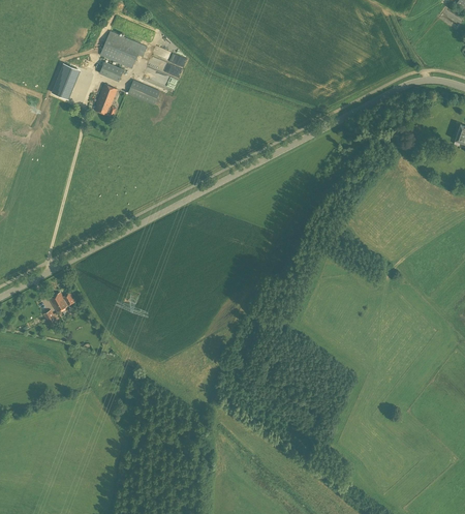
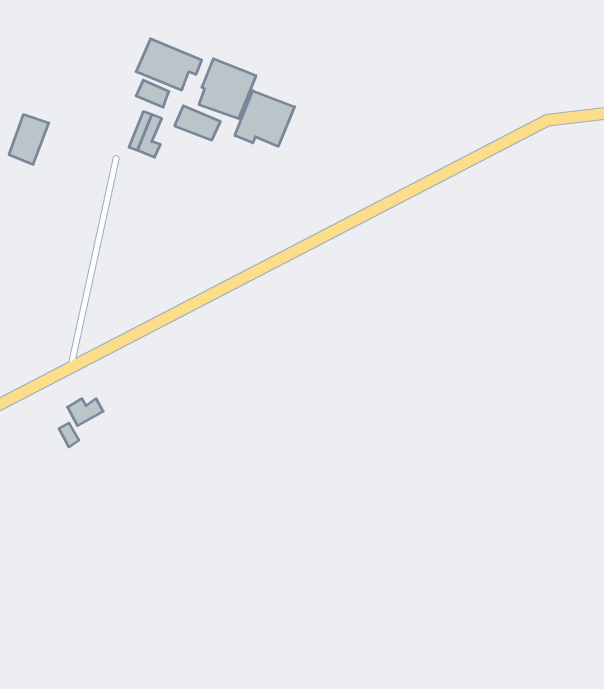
building: [50,63,79,99] -> [9,115,49,164]
building: none -> [235,91,295,146]

